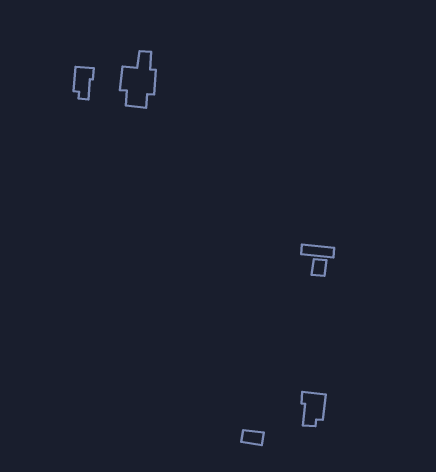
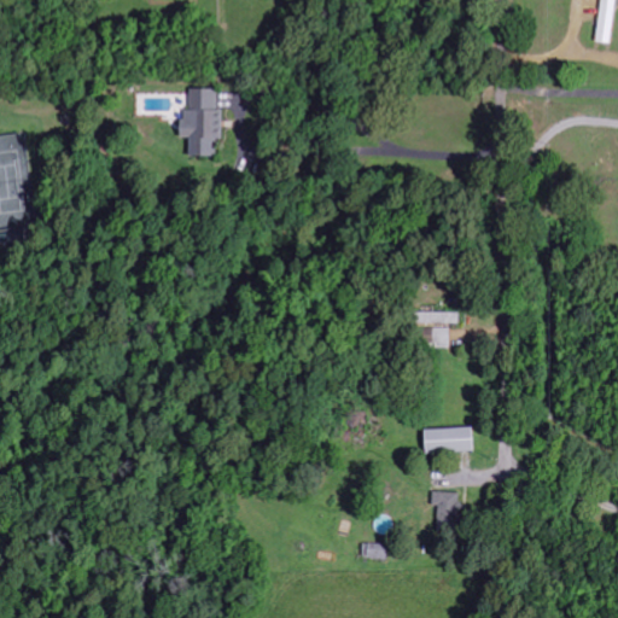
building: [74,67,94,100] -> none
building: none -> [425,425,473,451]

